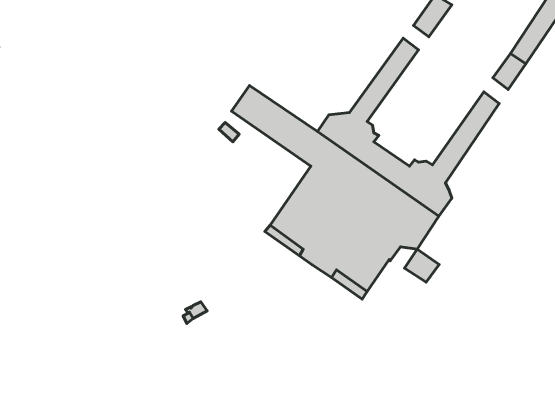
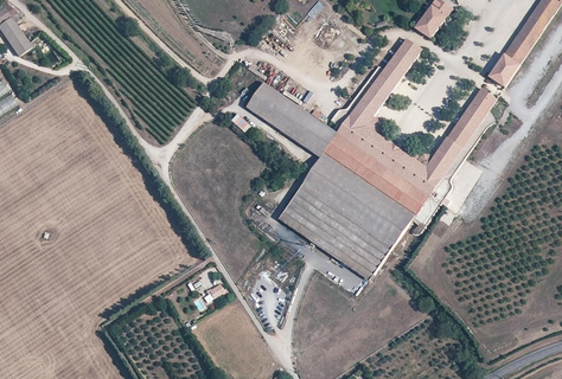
building: [405,249,439,282] -> none

